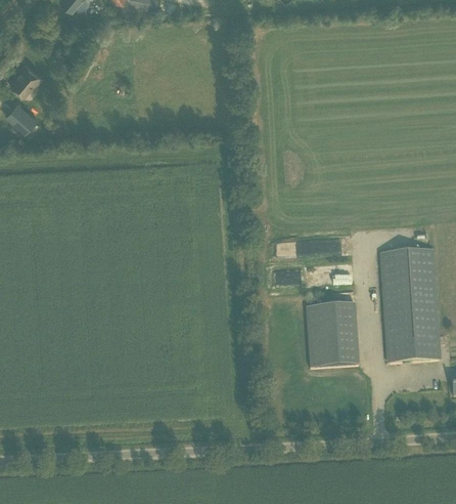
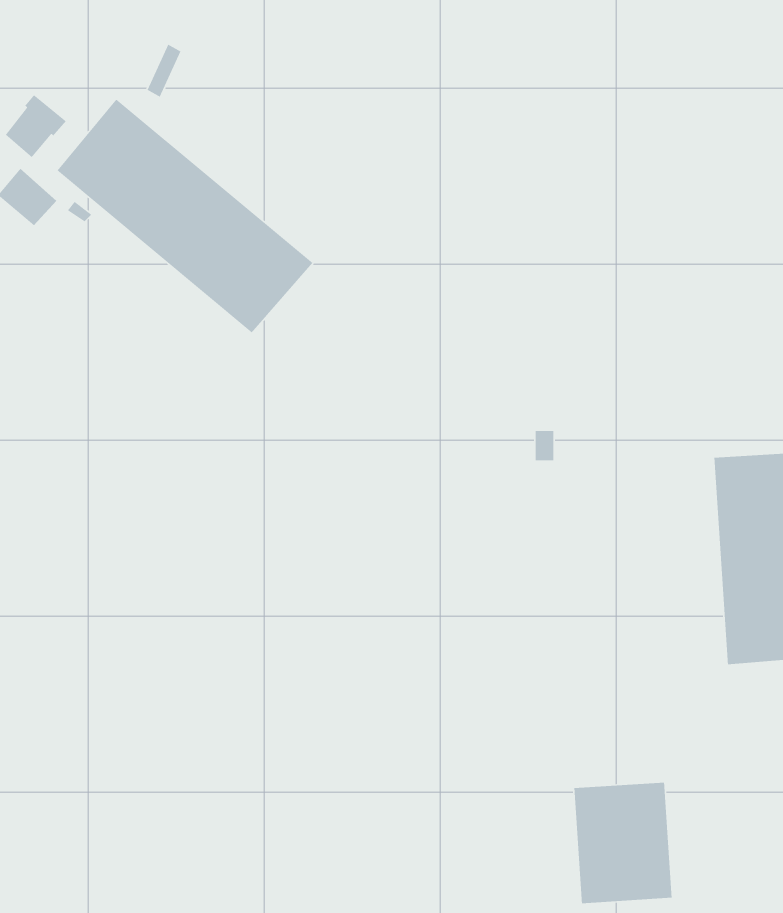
building: none -> [56,98,313,334]
building: [306,302,358,367] -> [573,782,672,904]

